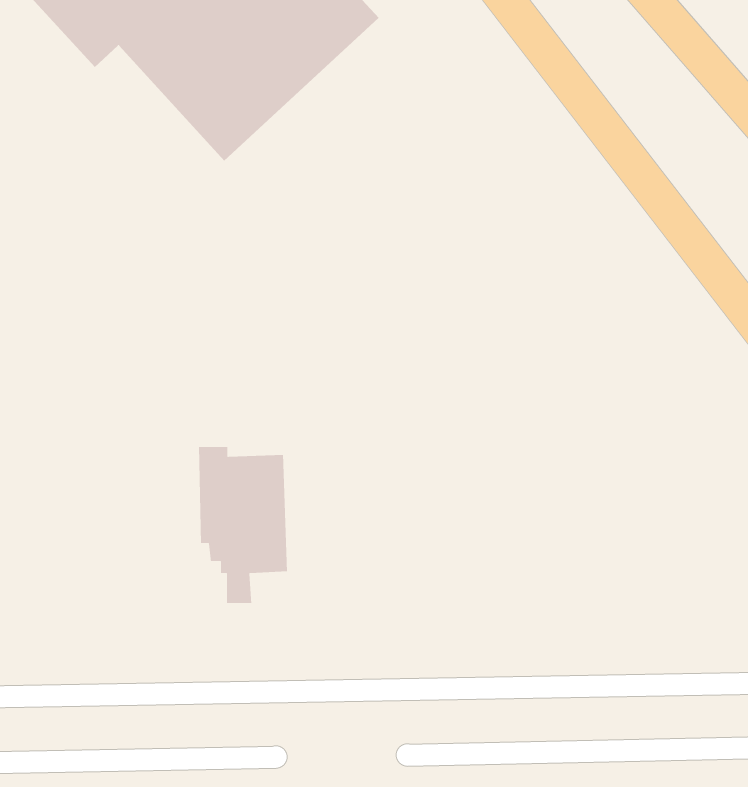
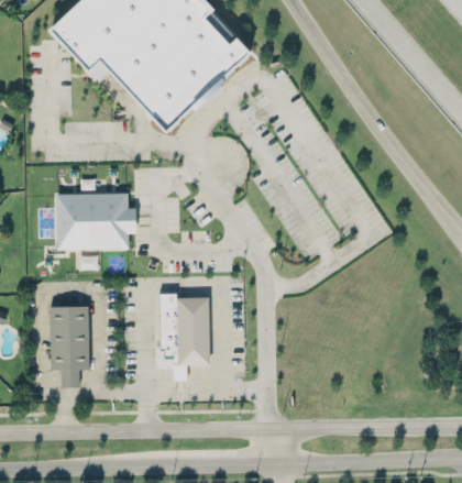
building: none -> [55,193,135,250]
building: none -> [48,305,89,386]

